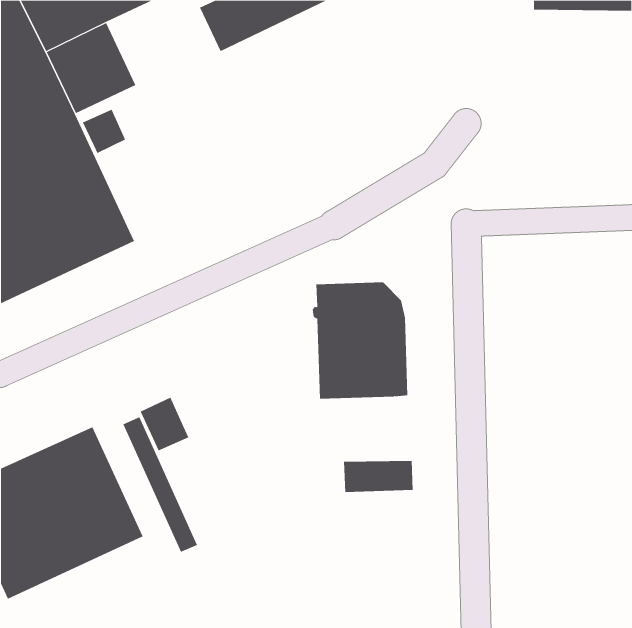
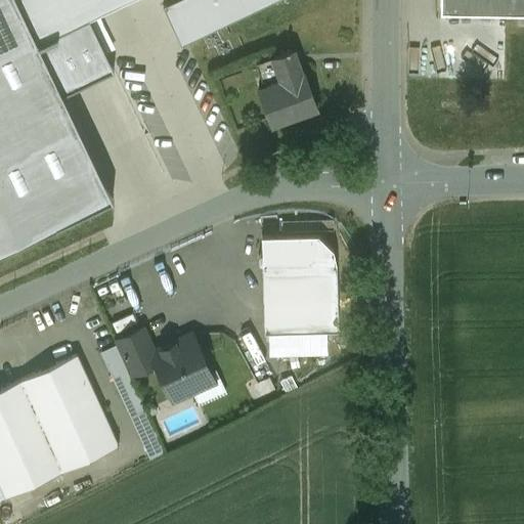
building: none -> [258,54,317,128]
building: [82,109,126,154] -> none
building: none -> [152,338,213,401]
building: [343,460,414,493] -> [269,332,328,358]

